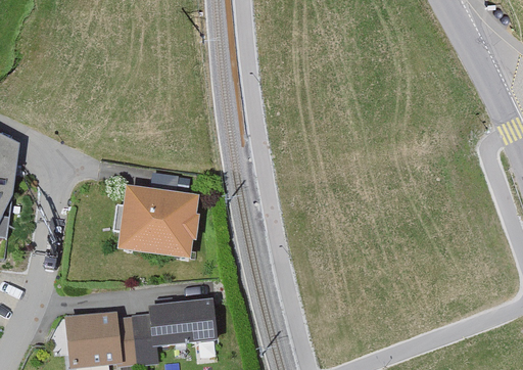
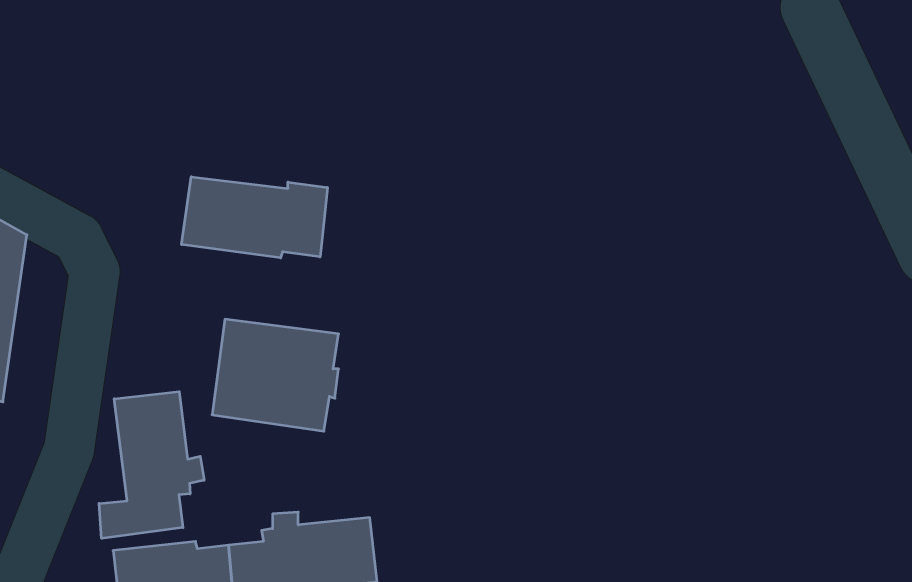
building: none -> [182,177,327,258]
building: none -> [99,392,204,538]

